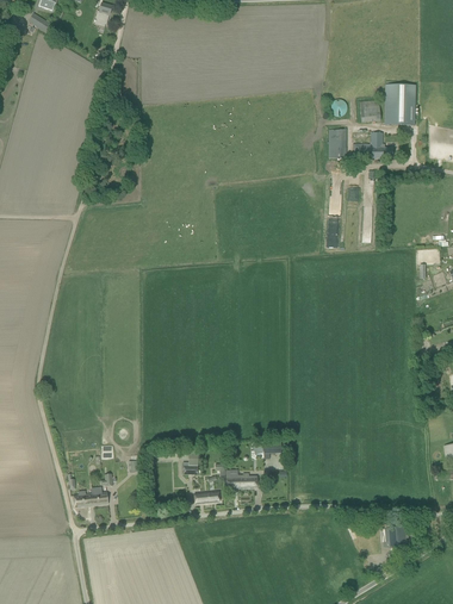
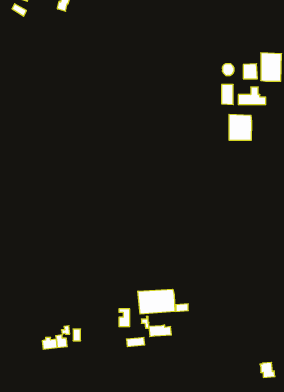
building: none -> [229,114,251,140]
building: none -> [138,289,175,314]

